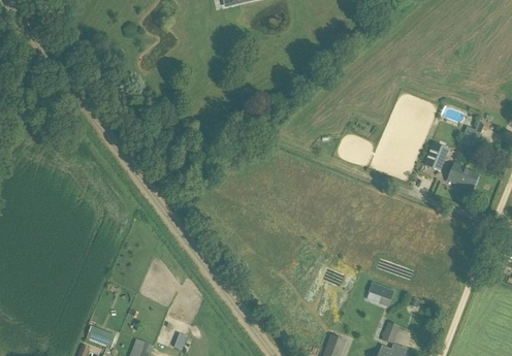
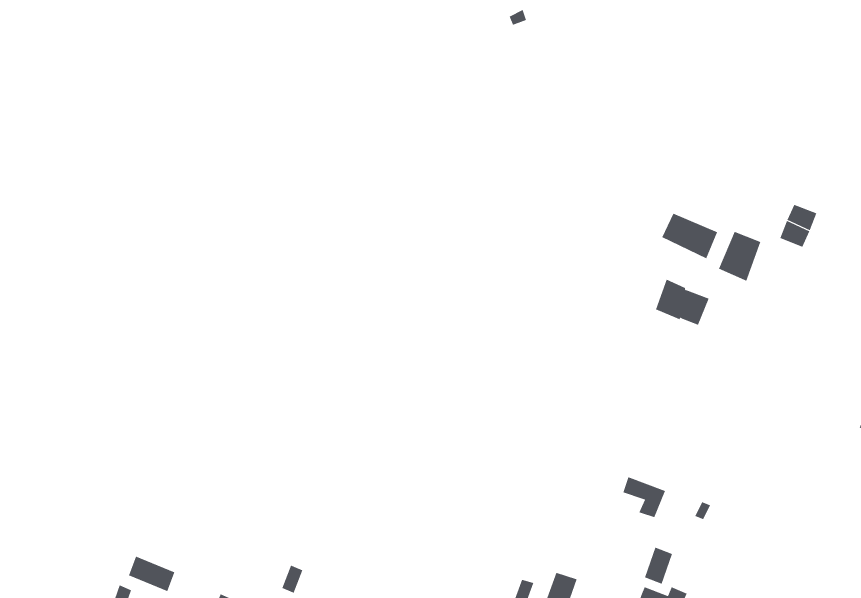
building: none -> [662,213,718,259]
building: [448,161,479,188] -> [655,279,709,326]

